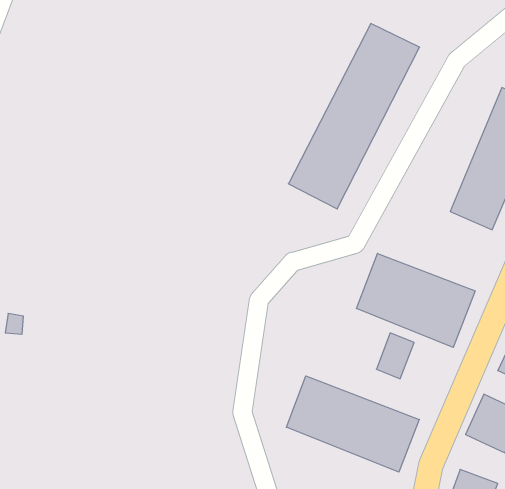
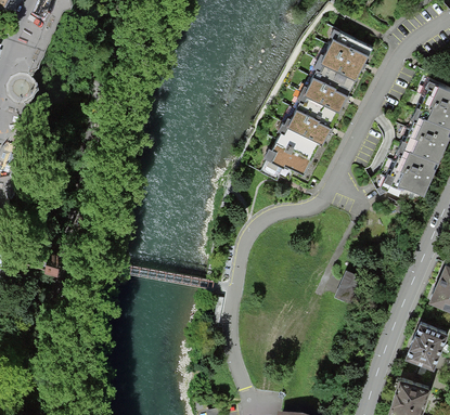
building: [357,253,475,347] -> none
building: [286,376,419,472] -> none

